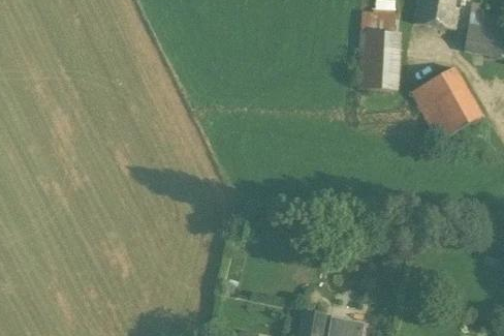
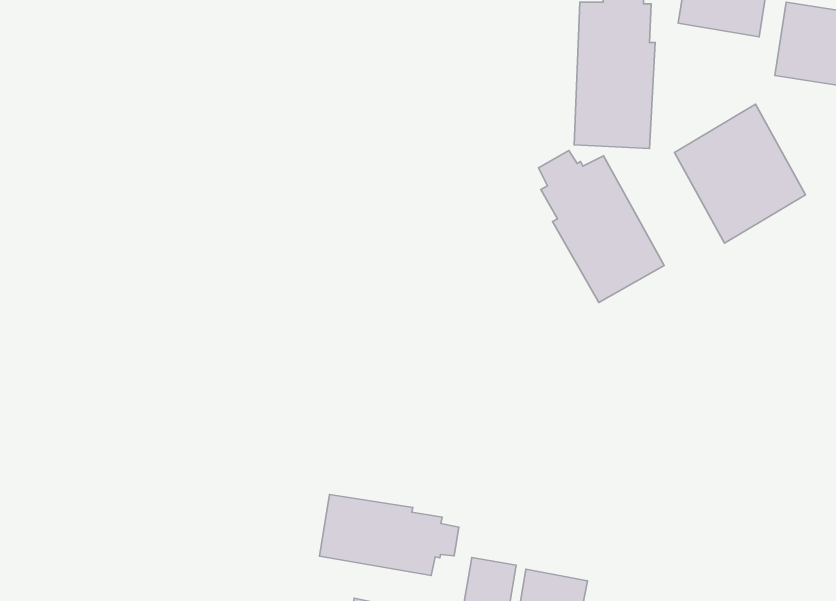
building: none -> [539,151,664,303]
building: none -> [320,494,459,576]

